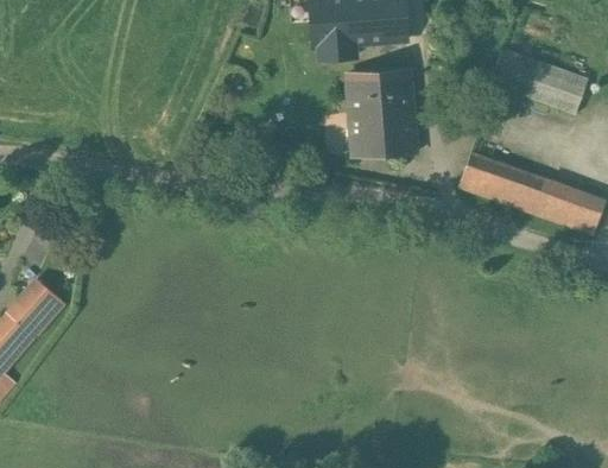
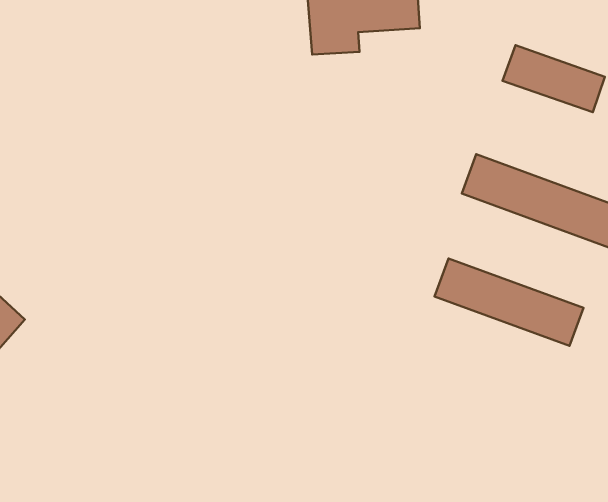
building: [343,69,418,160] -> none
building: none -> [435,258,583,346]

